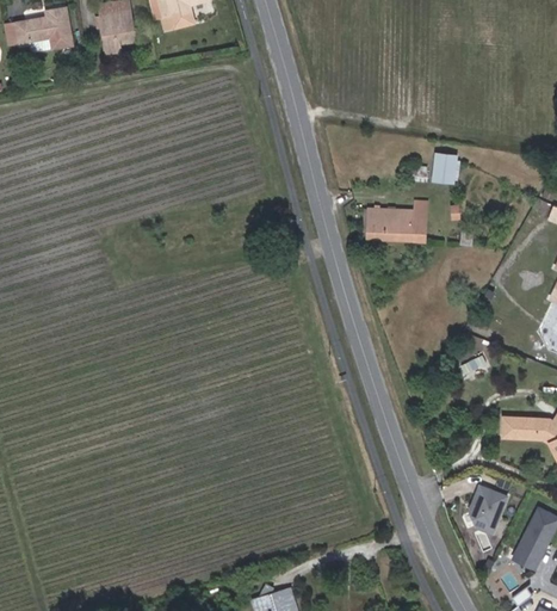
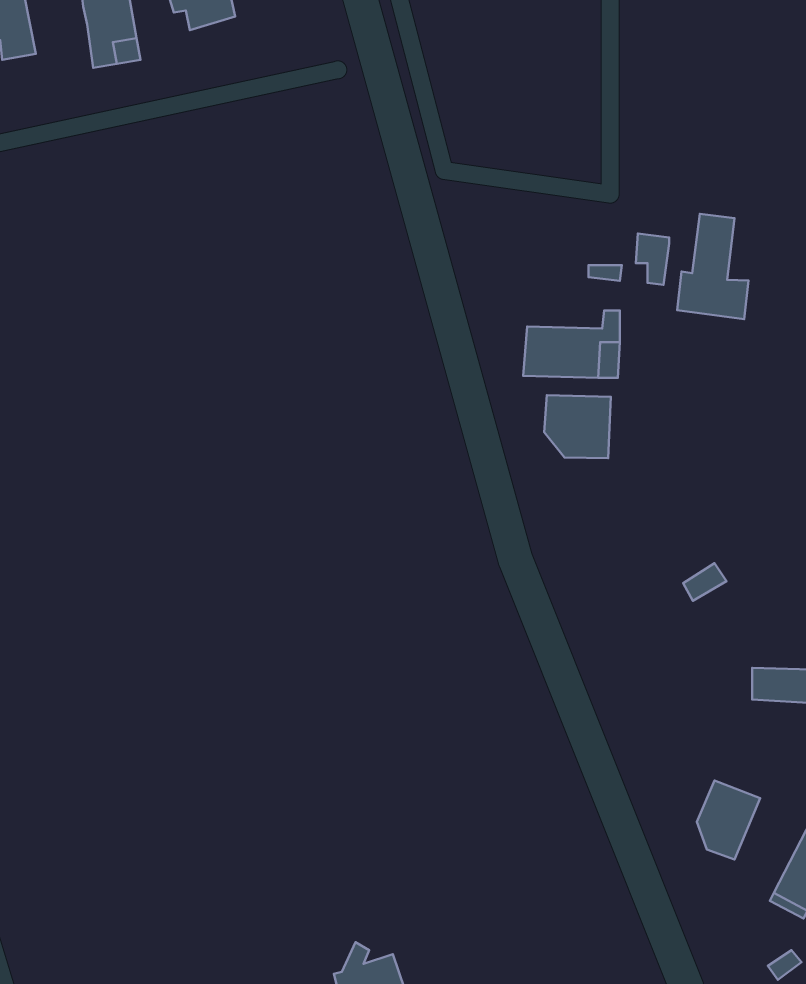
building: none -> [677,214,749,319]
building: none -> [544,395,611,458]

